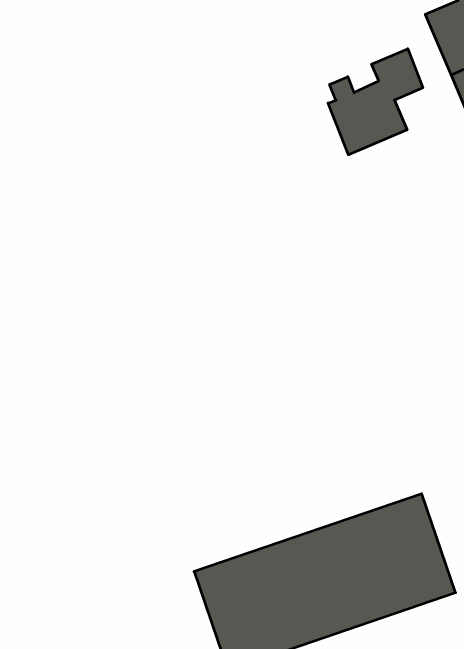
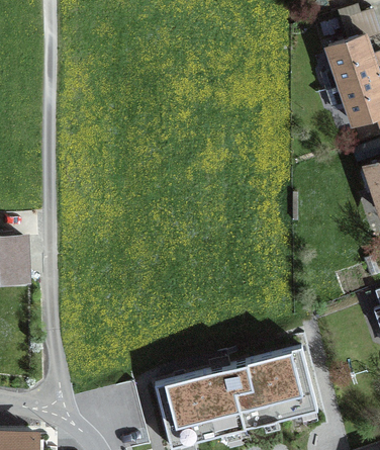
building: [328,49,423,155] -> none

